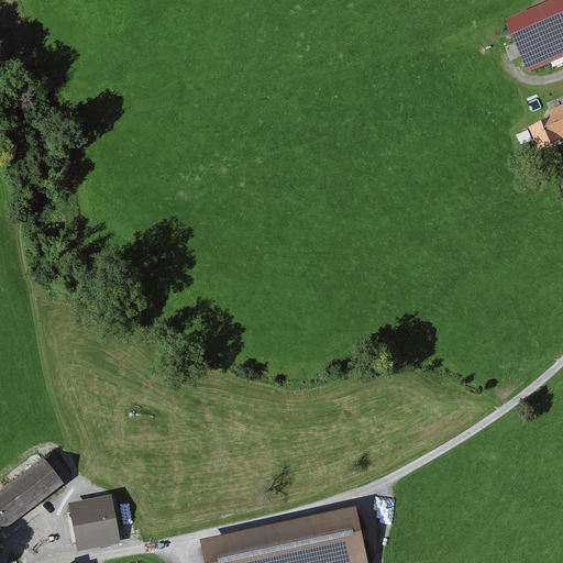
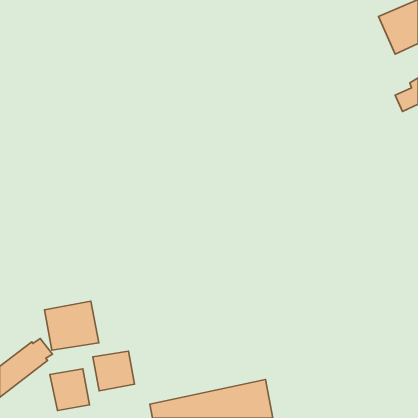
building: none -> [44,301,99,350]
building: none -> [93,351,135,391]

